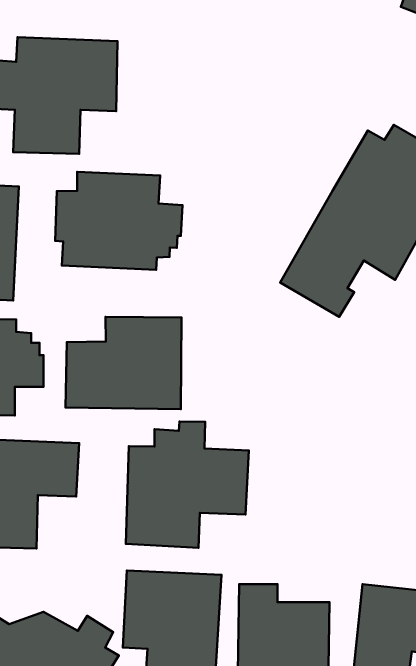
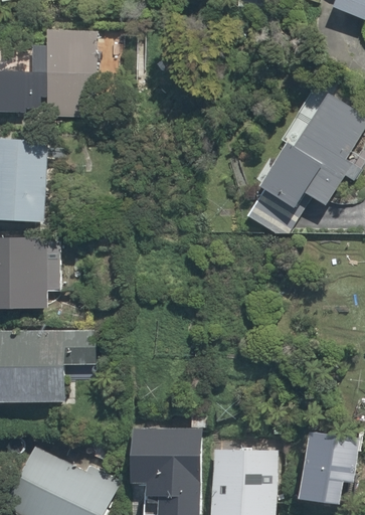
building: [55,172,182,270] -> none
building: [66,317,182,409] -> none
building: [126,421,249,548] -> none

